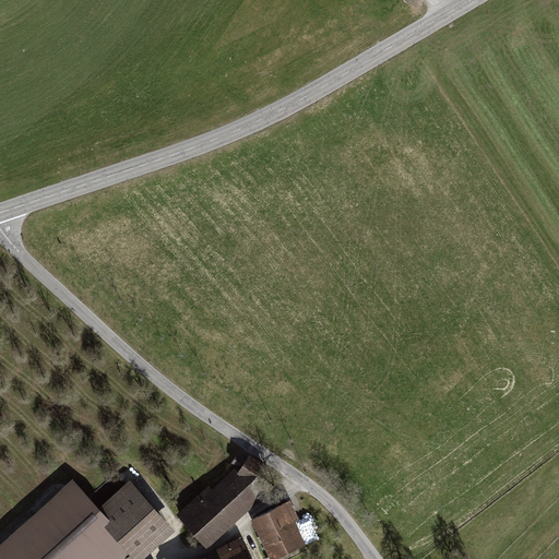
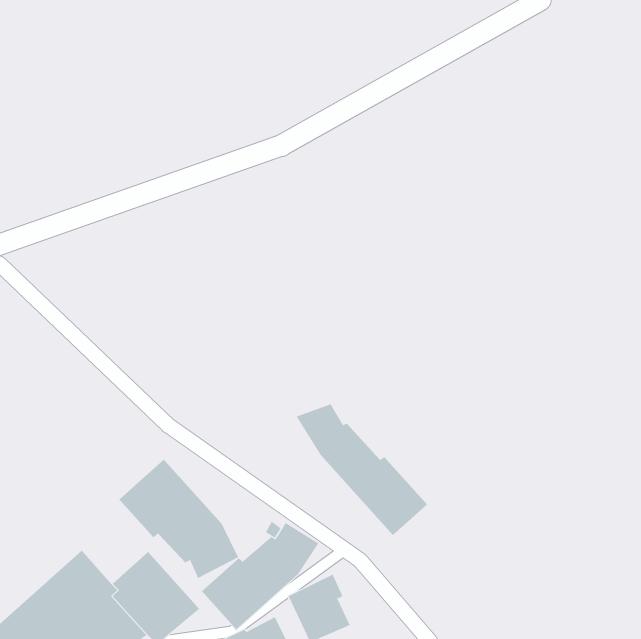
building: none -> [296,404,428,536]
building: none -> [118,459,239,579]

